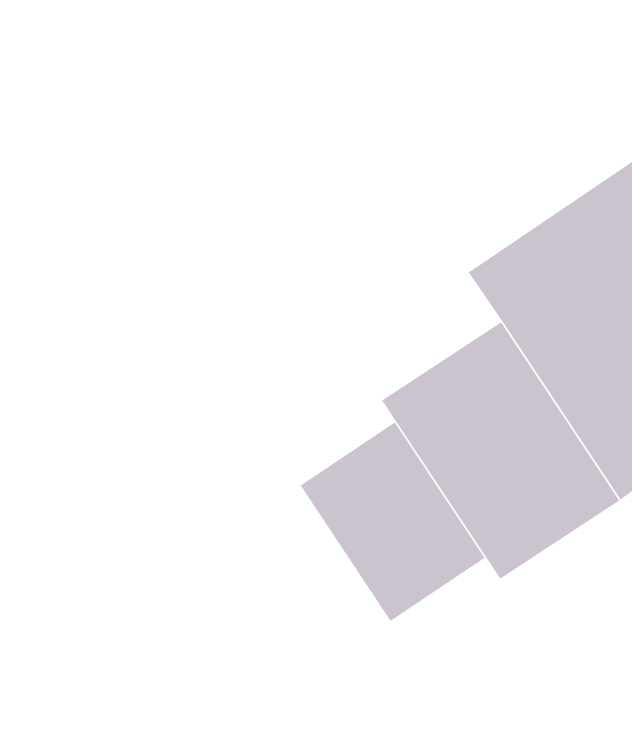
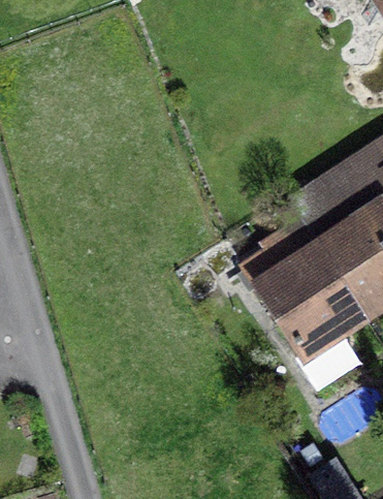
building: [300,421,486,622] -> none

